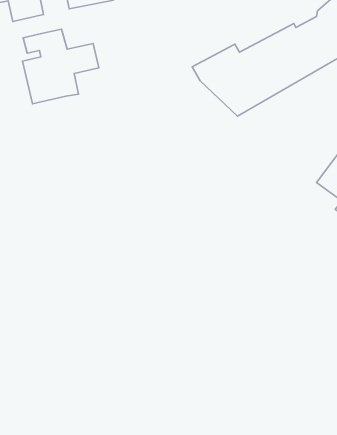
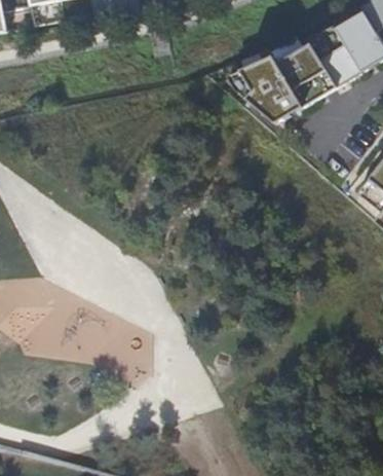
building: [22,29,99,104] -> none

